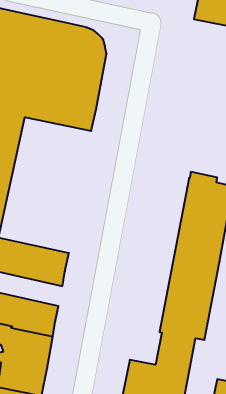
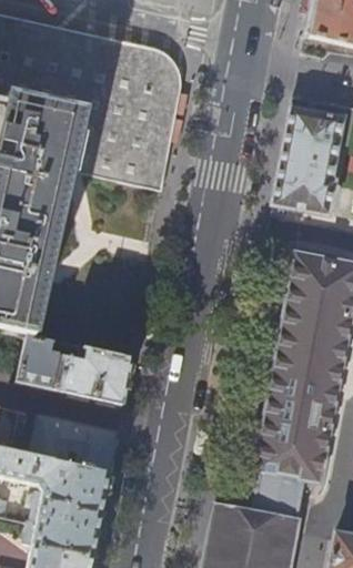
building: none -> [272,108,342,214]

